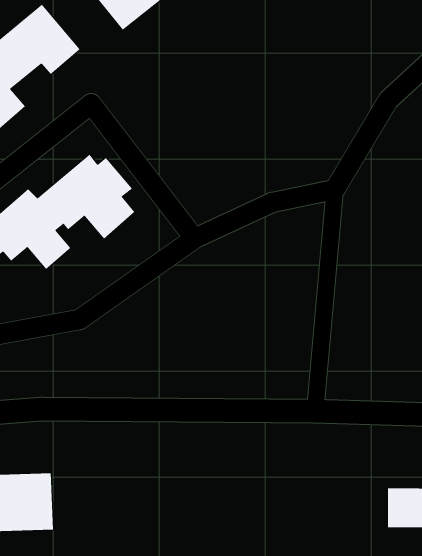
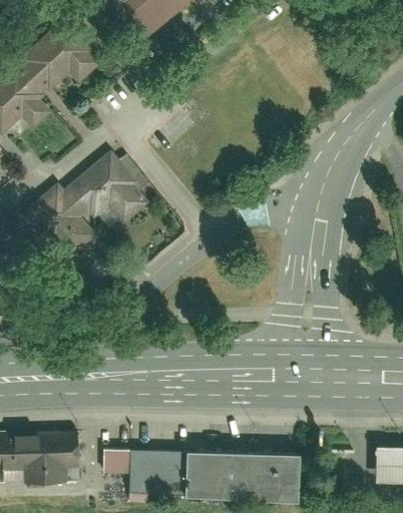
building: none -> [96,445,290,498]

